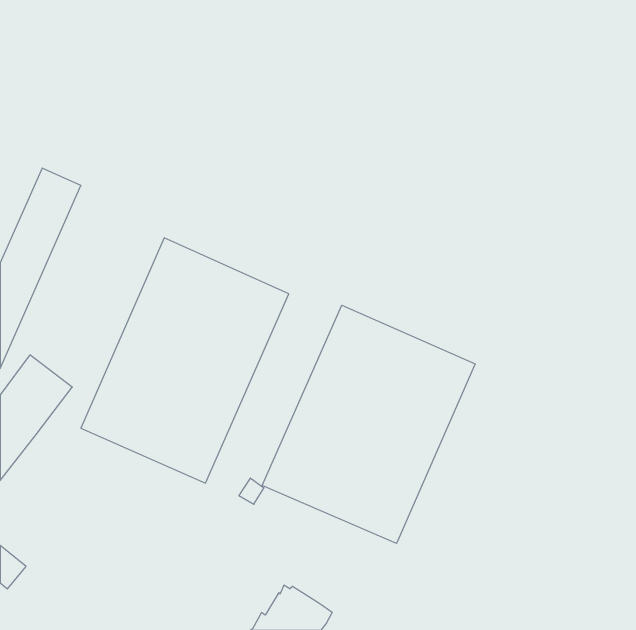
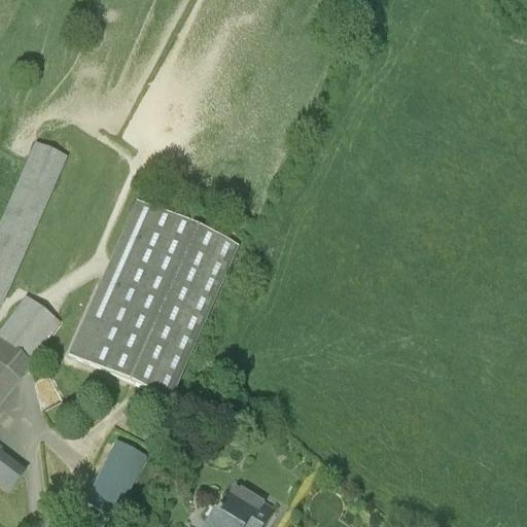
building: [262,305,475,543] -> none
building: none -> [84,440,146,517]

